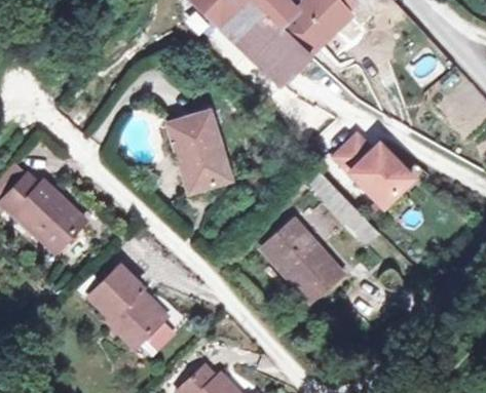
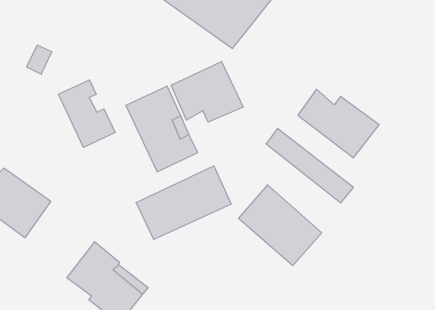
building: none -> [59,80,115,147]
building: none -> [171,61,243,122]
building: none -> [136,166,231,240]

